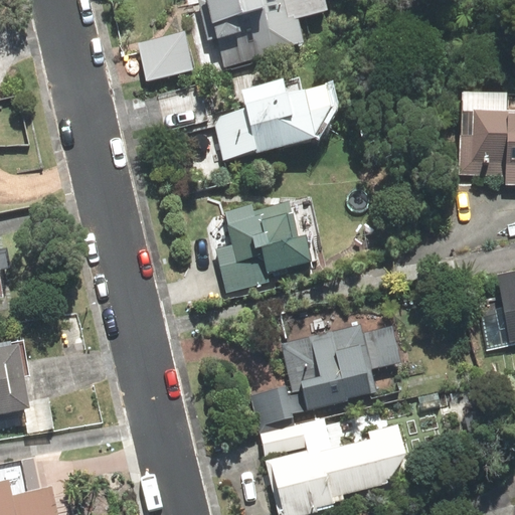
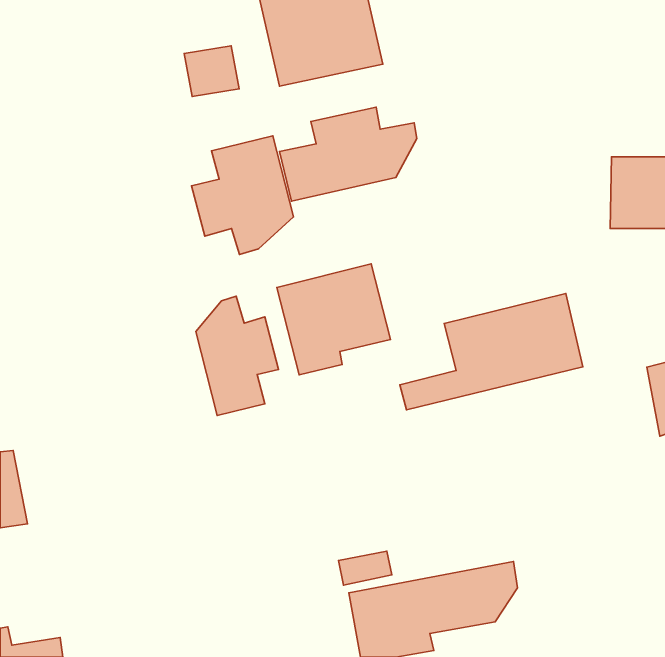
building: none -> [192,136,293,254]
building: none -> [196,296,279,416]
building: [260,325,400,414] -> [400,294,583,410]

